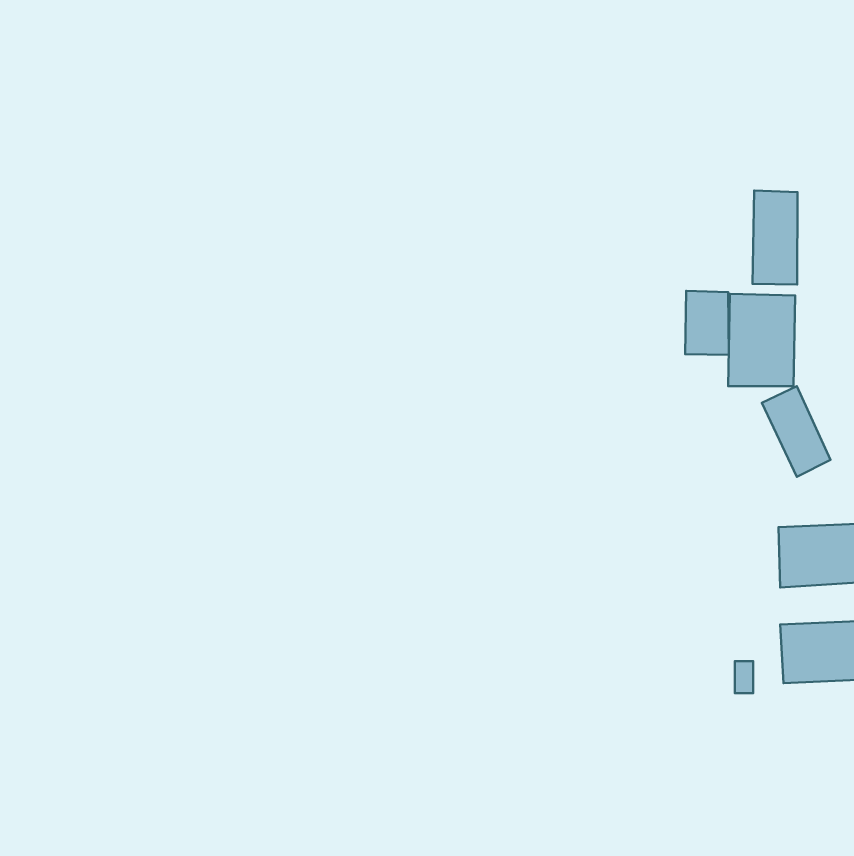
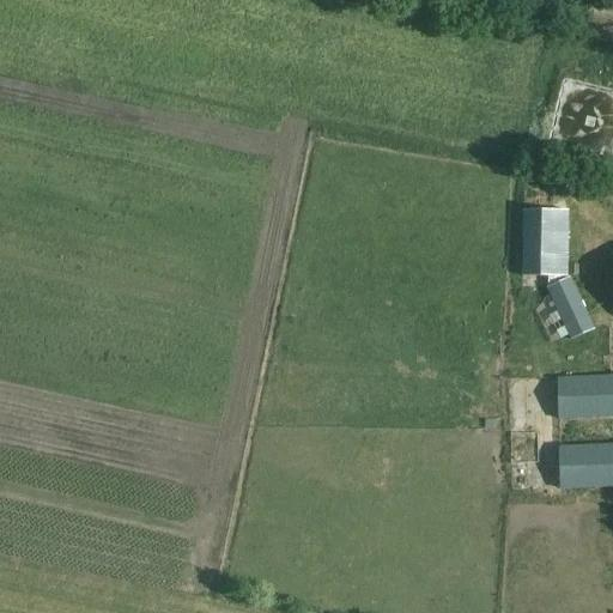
building: [752,191,797,285] -> none
building: [685,291,729,355] -> none

